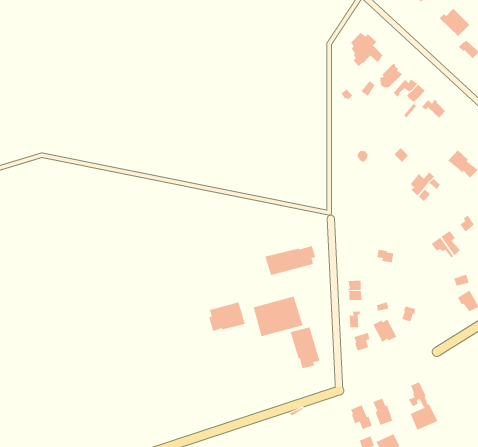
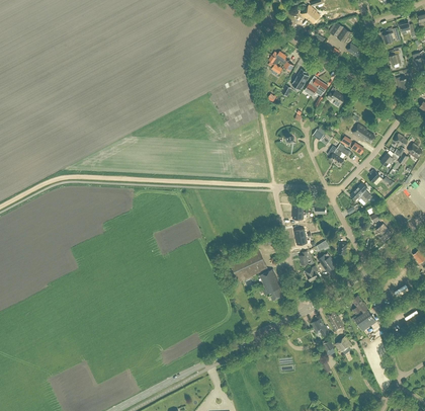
building: [264,245,316,276] -> none
building: [208,302,246,332] -> none

